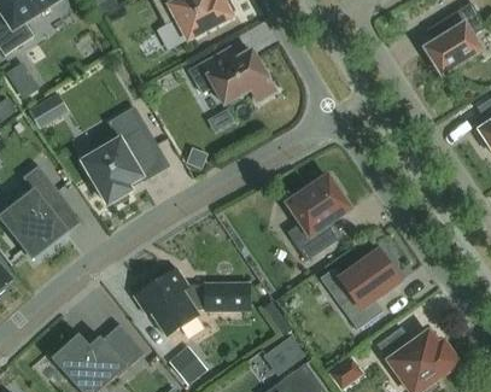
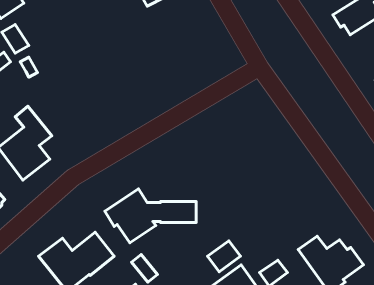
building: [188,49,275,104] -> none
building: [84,106,159,207] -> none
building: [288,176,350,261] -> none
building: [339,250,402,328] -> none

